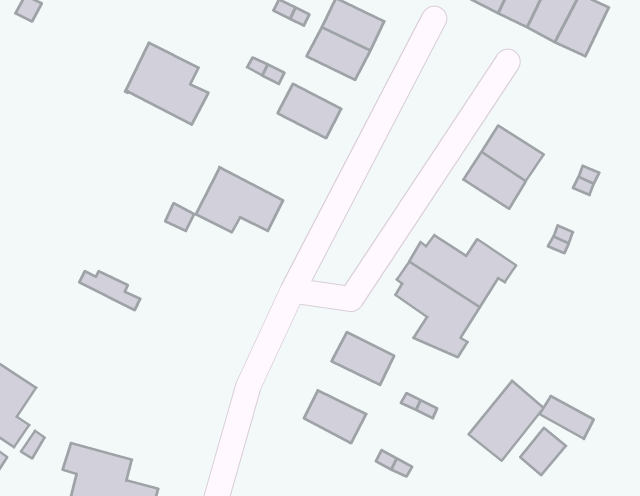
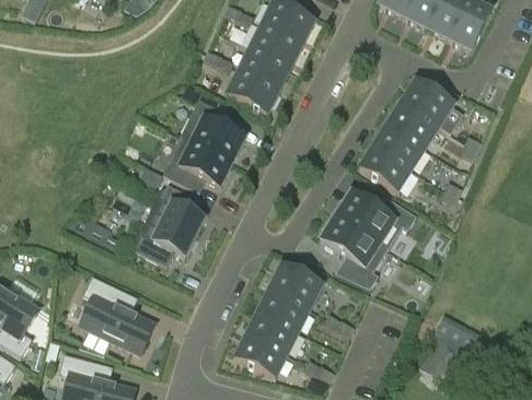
building: [125,43,208,125] -> [180,98,245,163]
building: none -> [240,49,289,91]
building: none -> [402,82,452,127]
building: none -> [361,146,410,191]
building: none -> [134,184,204,267]
building: none -> [81,275,153,353]
building: none -> [259,290,309,331]
building: [469,381,544,461] -> none
building: none -> [236,334,286,377]

